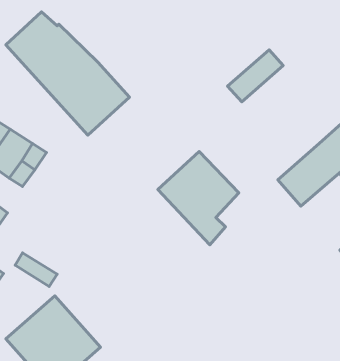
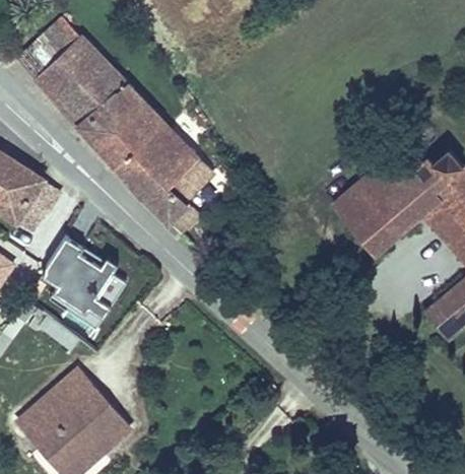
building: [228,50,283,102] -> [330,160,398,224]
building: [158,151,239,245] -> [115,123,214,238]
building: none -> [45,239,128,330]

